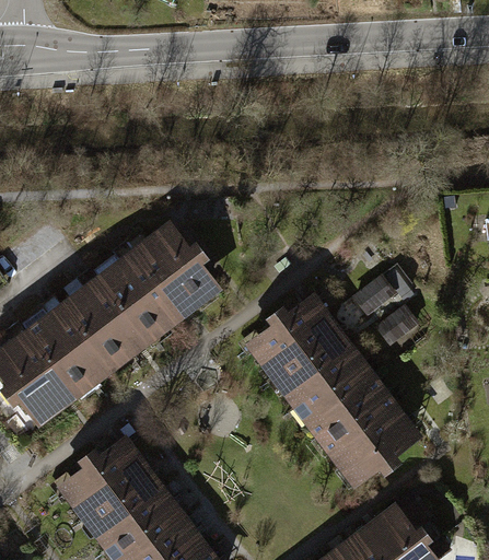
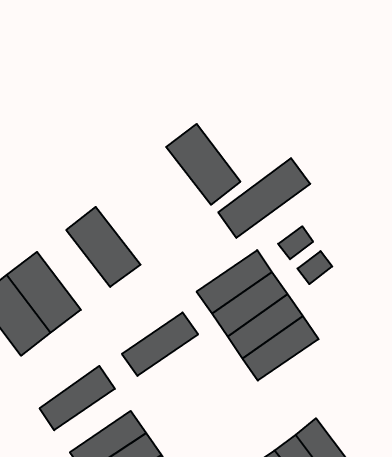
building: none -> [218,158,310,238]
building: [130,223,219,319] -> [166,124,240,205]
building: [60,278,148,373] -> none
building: [324,408,415,483] -> none
building: [81,467,172,542] -> [122,312,198,376]

